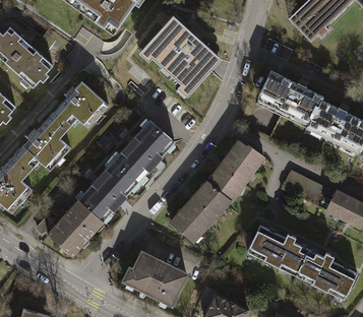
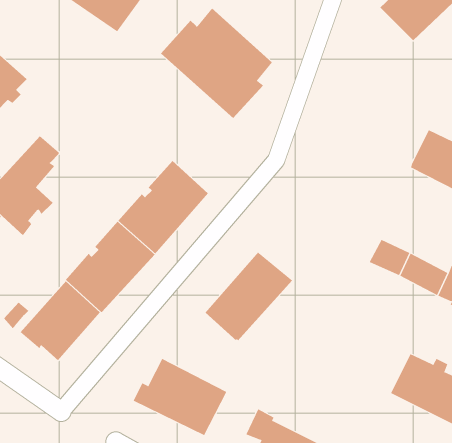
building: [257,70,322,122] -> none
building: [61,81,109,128] -> none
building: [207,140,263,201] -> none
building: [246,225,308,275] -> none

